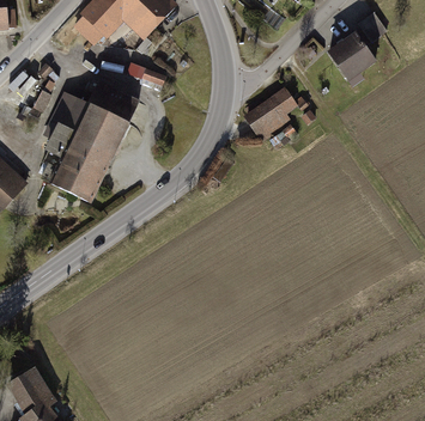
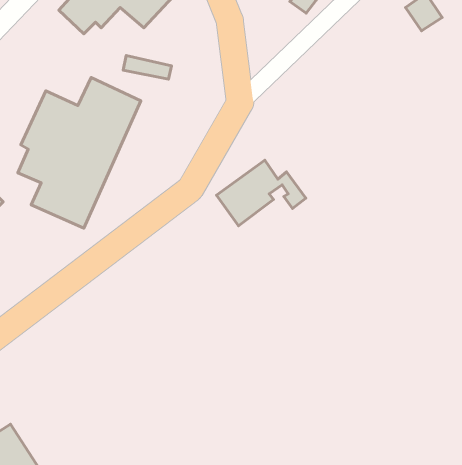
building: [327,30,376,81] -> none
building: [243,85,316,139] -> [216,160,306,226]

